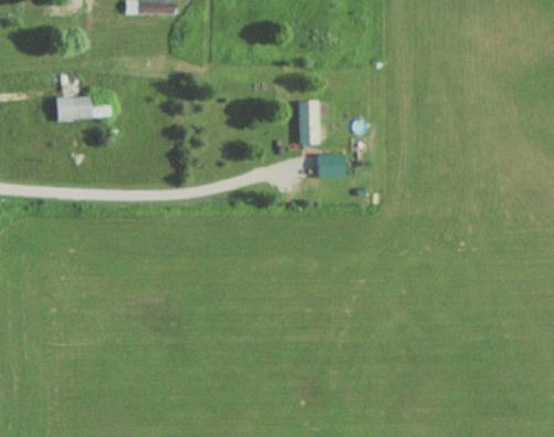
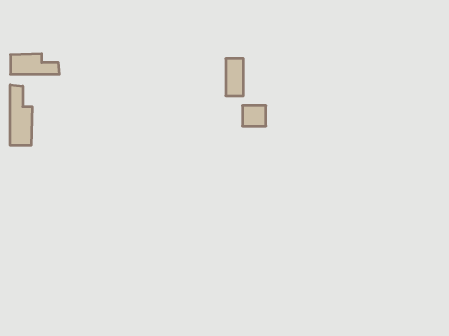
building: none -> [10,85,32,145]

